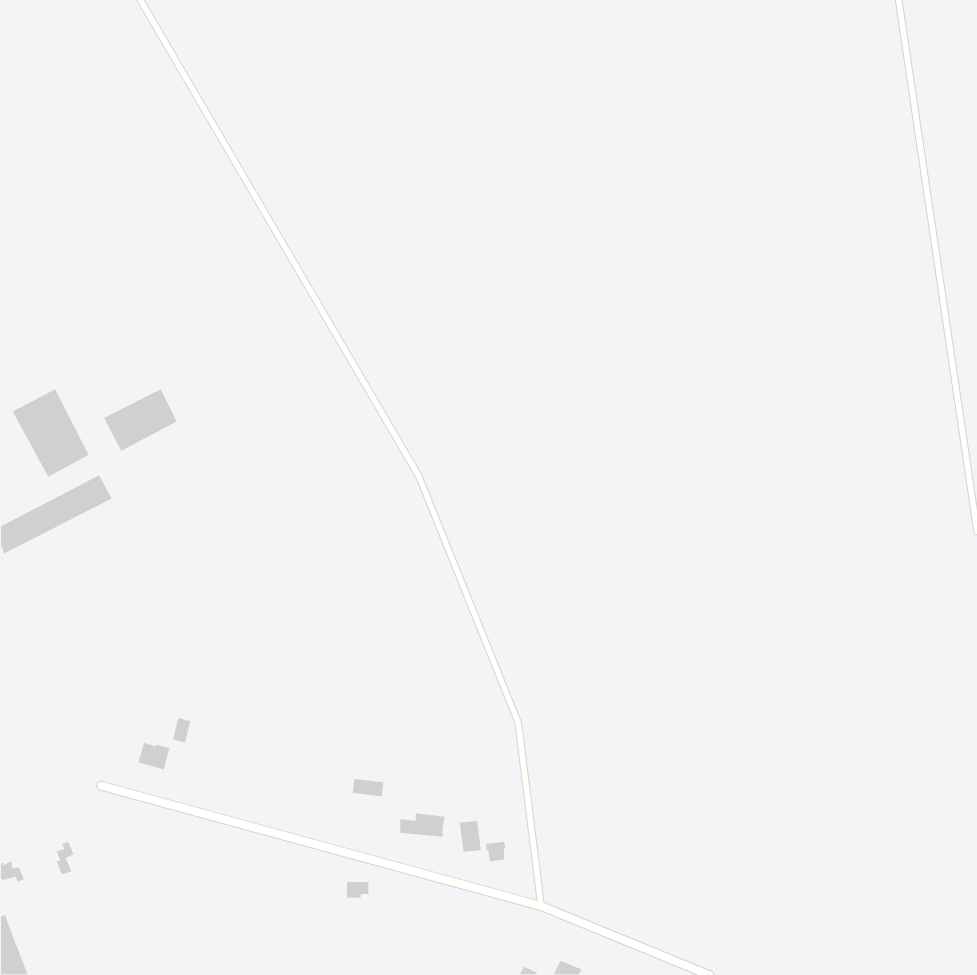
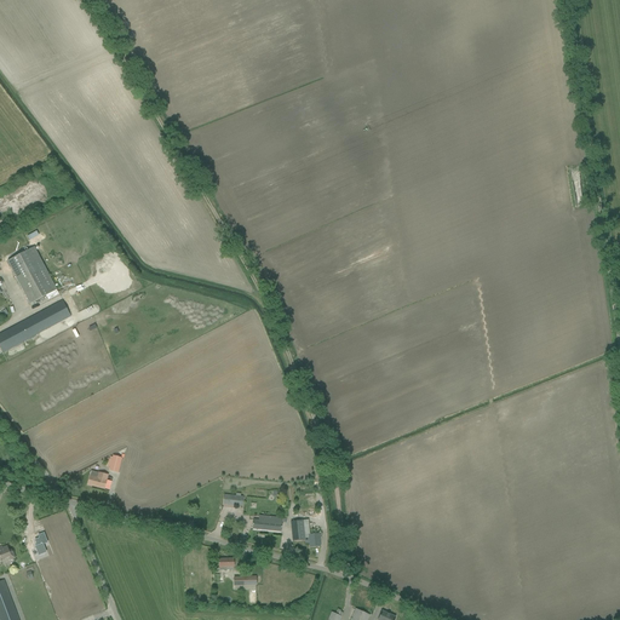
building: [103,388,178,452] -> none

